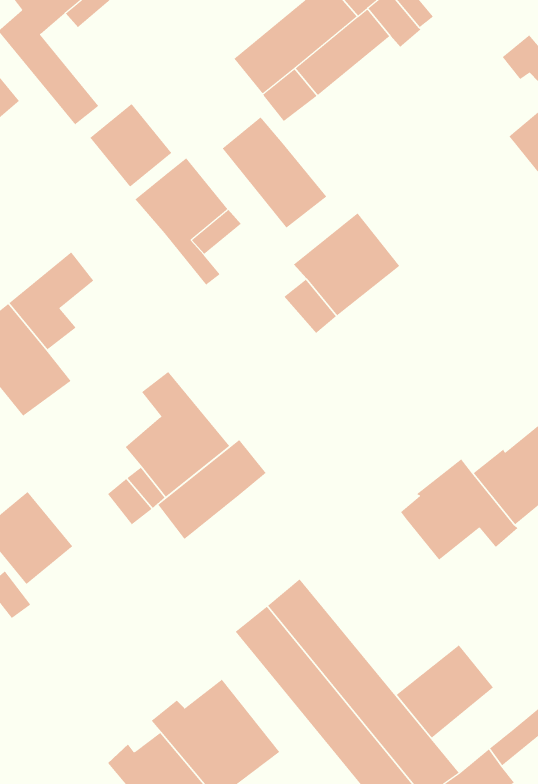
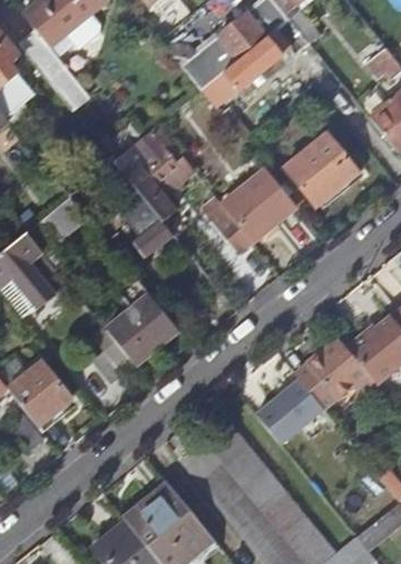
building: [89,103,172,187] -> none
building: [222,116,327,229] -> none
building: none -> [285,133,358,206]
building: none -> [129,210,172,256]
building: [157,439,266,540] -> none
building: [396,645,495,738] -> [256,379,324,444]

